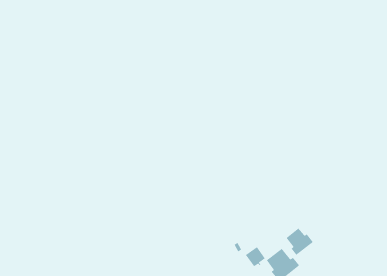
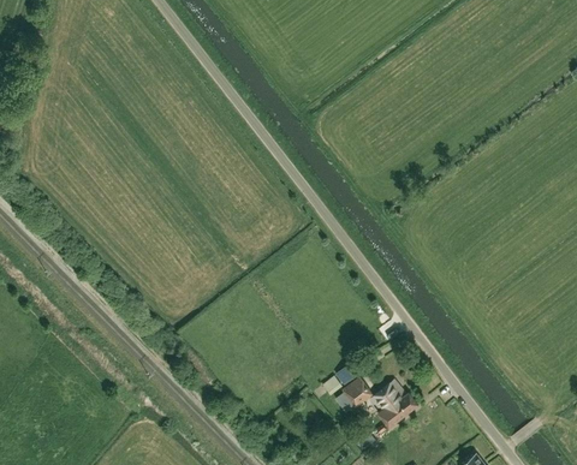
building: [286,227,314,256] -> none

